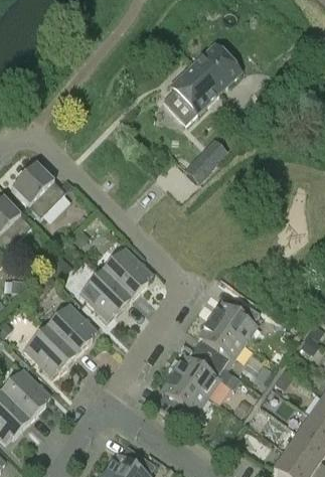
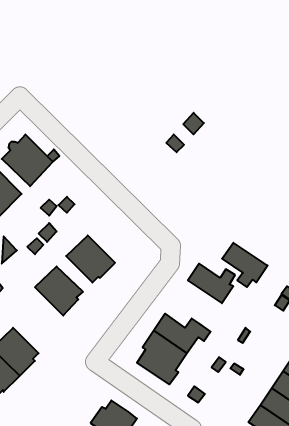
building: [162,43,240,124] -> none
building: [102,247,152,299] -> none
building: [196,318,245,365] -> [222,243,268,287]
building: [23,325,75,376] -> none

